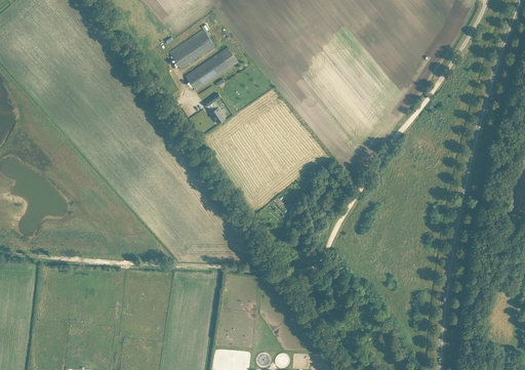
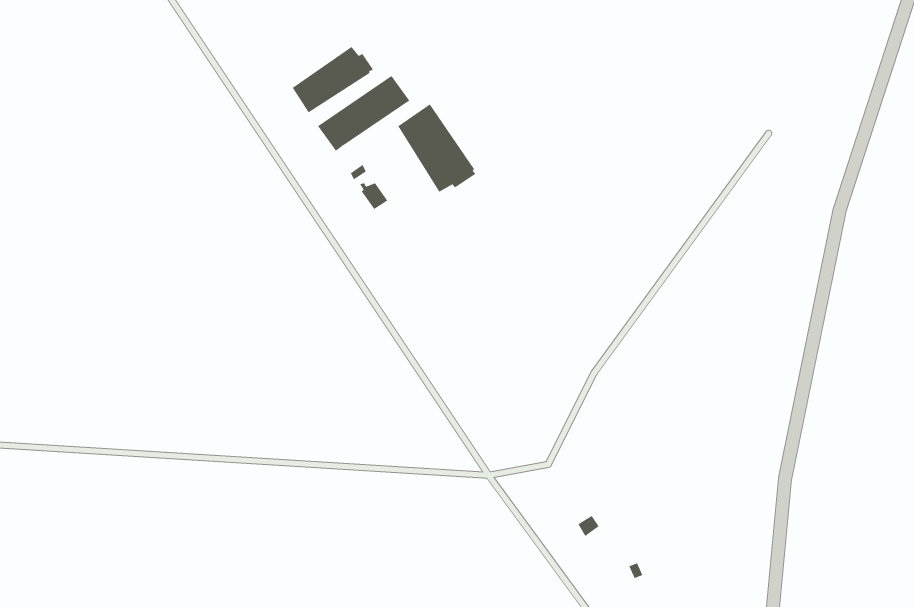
building: none -> [397,104,476,192]

